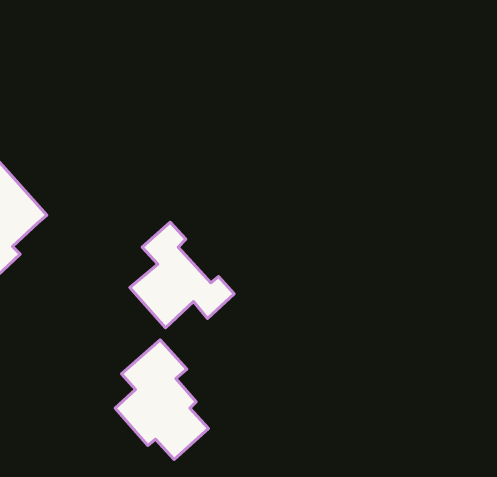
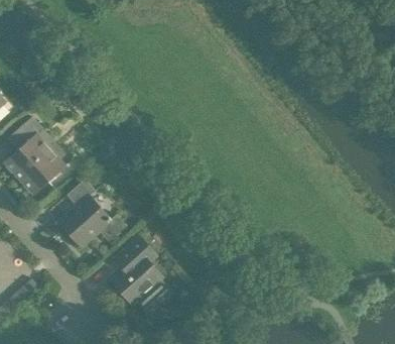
building: [130,222,234,328] -> [57,180,125,248]

